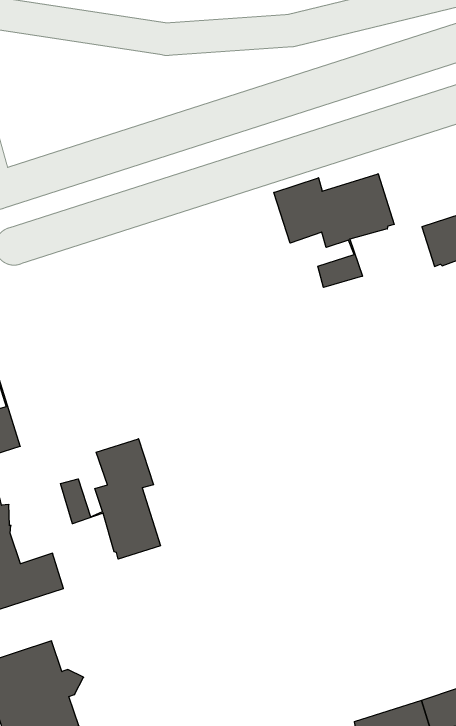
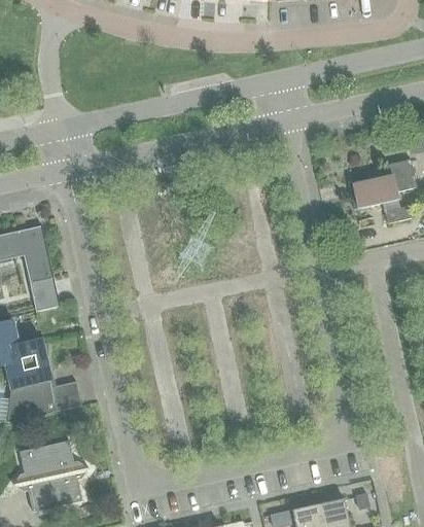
building: [274,174,394,287] -> none
building: [61,439,160,559] -> none

